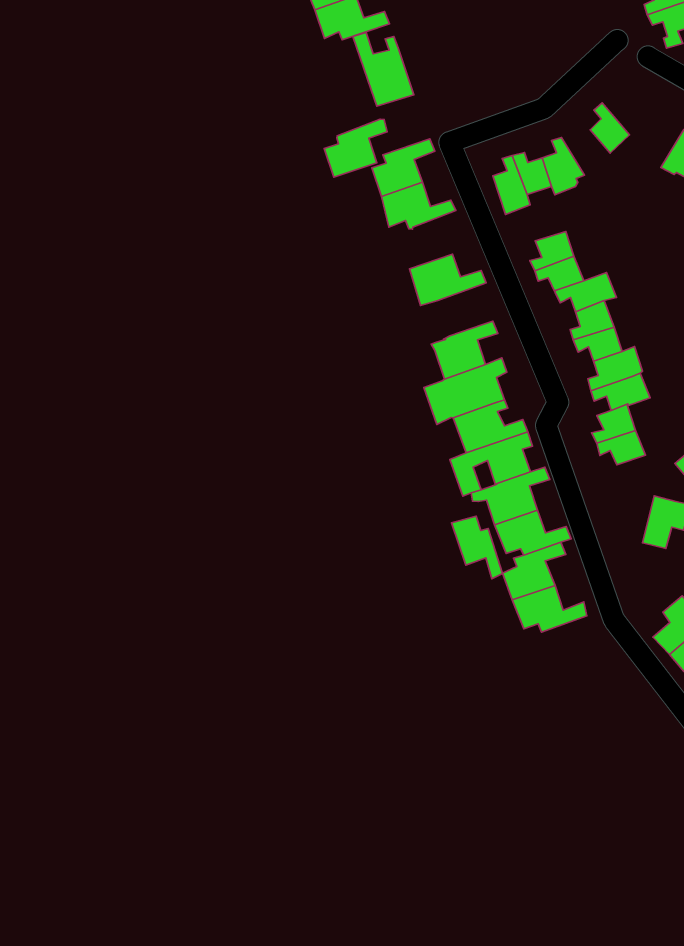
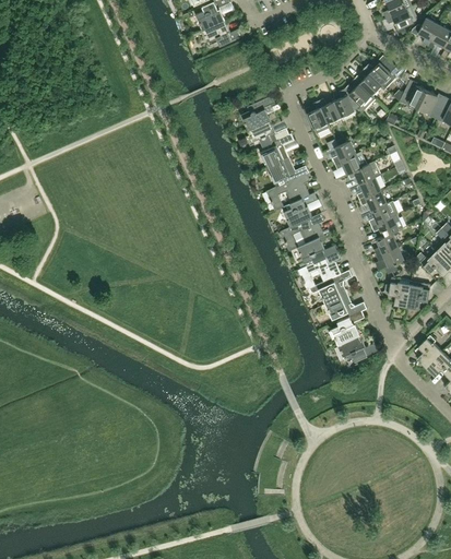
building: [353,33,414,106] -> none
building: none -> [365,59,399,90]
building: [324,119,387,177] -> [260,134,294,168]
building: none -> [344,84,376,114]
building: none -> [264,174,310,212]
building: none -> [384,277,411,308]
building: [451,516,503,579] -> none

